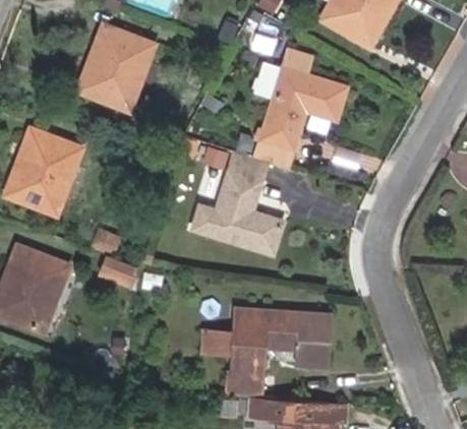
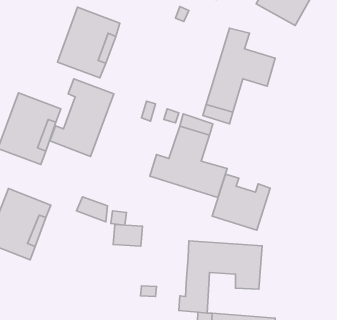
building: none -> [50,79,114,156]
building: none -> [212,174,270,230]
building: [201,327,237,354] -> [113,224,142,246]

